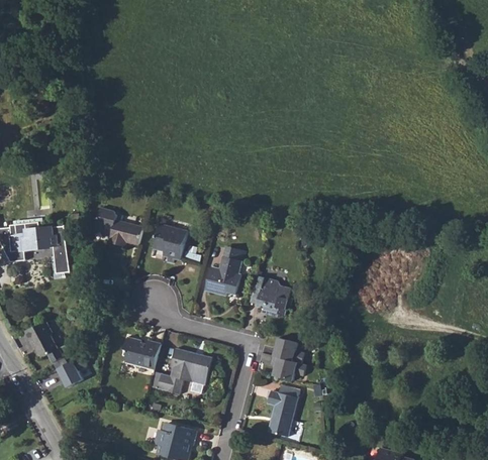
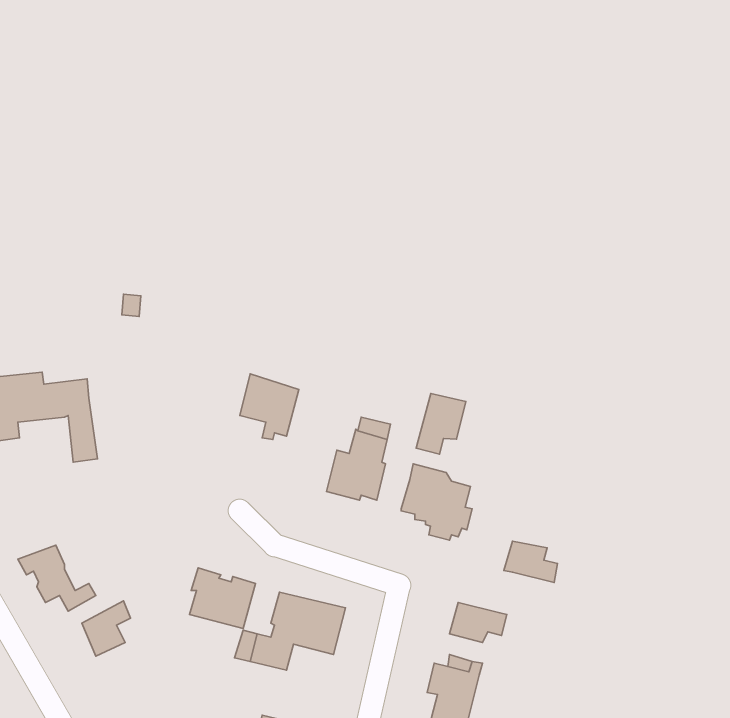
building: [96,205,144,243] -> none
building: none -> [416,393,466,454]
building: [276,338,307,362] -> [504,541,558,583]

